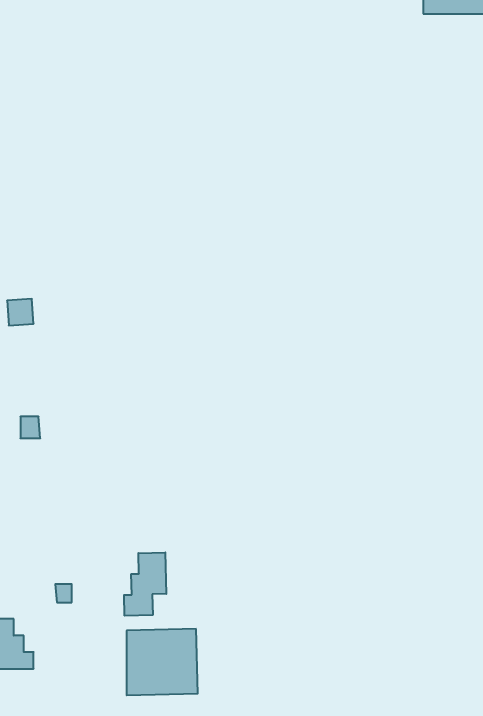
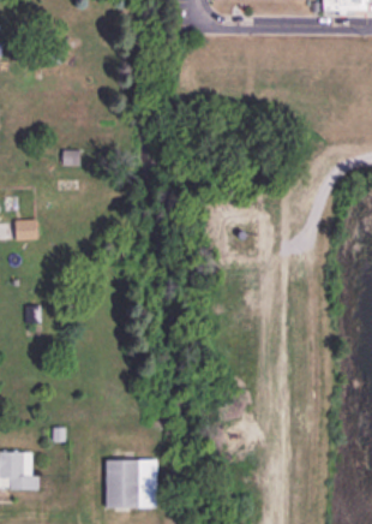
building: [124,552,166,616] -> none

